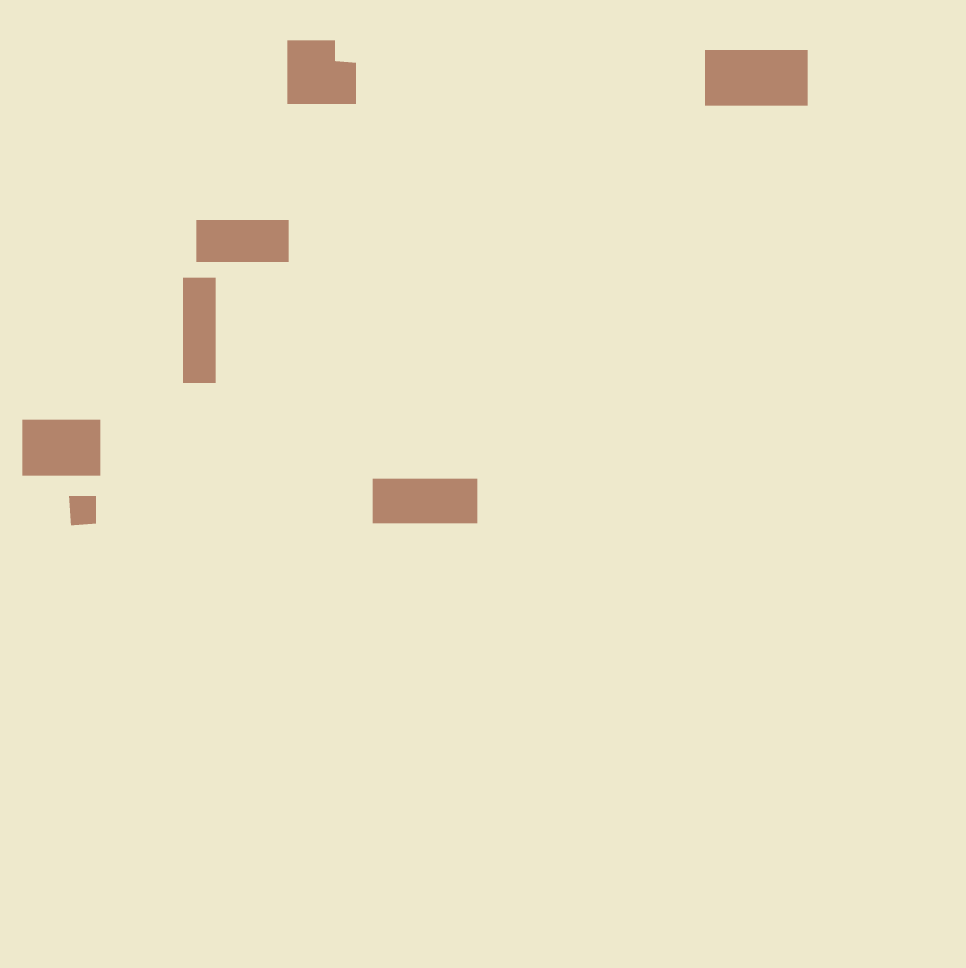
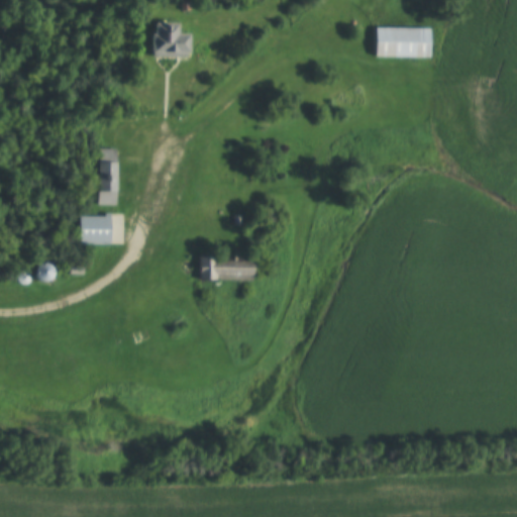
building: [196,219,289,263] -> none
building: [21,419,101,476] -> [81,215,123,245]

